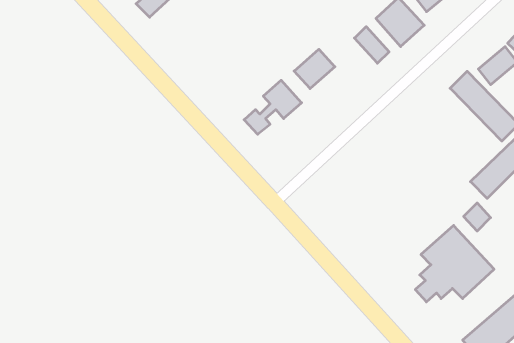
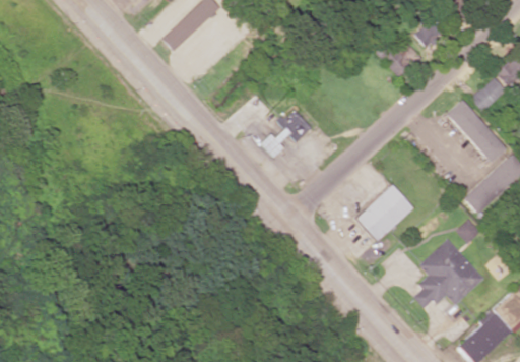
building: [354,27,389,63] -> none
building: [294,49,335,89] -> none
building: none -> [356,183,414,241]

